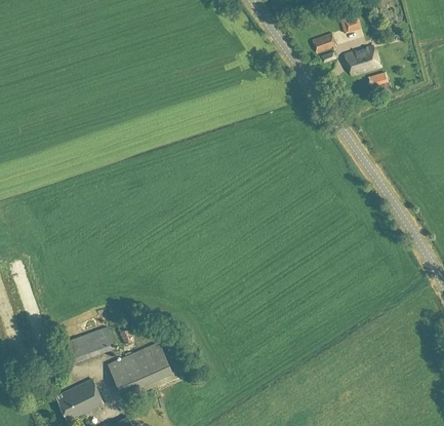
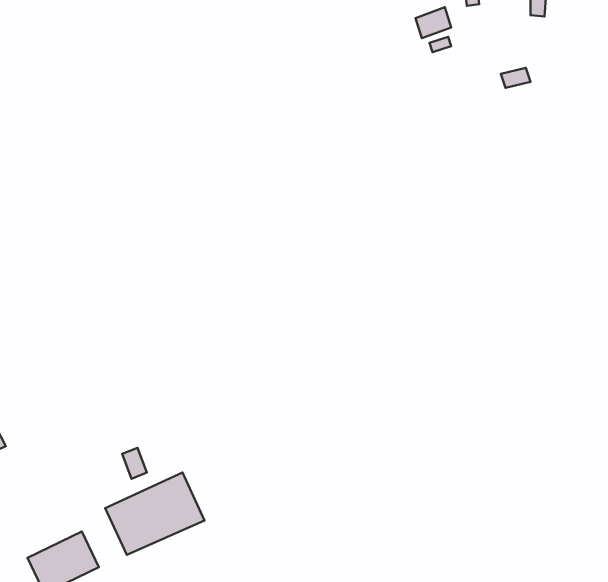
building: [345,45,379,76] -> none
building: [67,327,114,362] -> none

